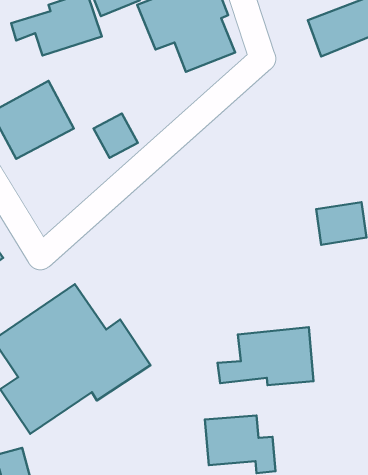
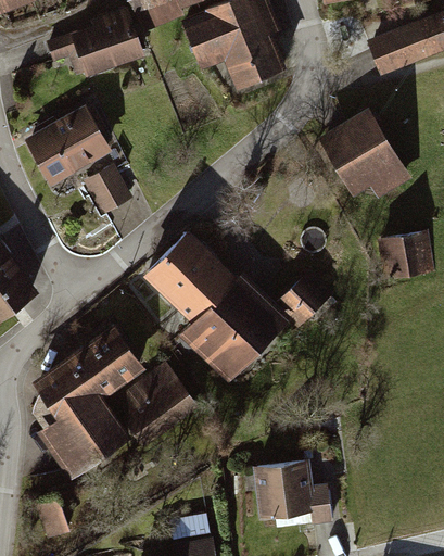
building: none -> [318,111,407,197]
building: [93,113,138,158] -> [83,168,130,216]
building: none -> [144,230,328,383]
building: [218,327,314,385] -> none

